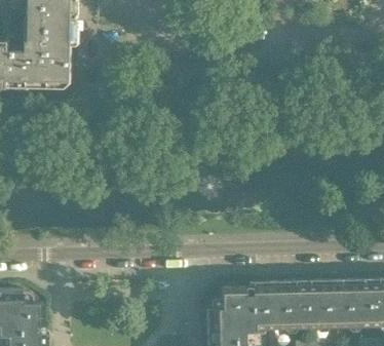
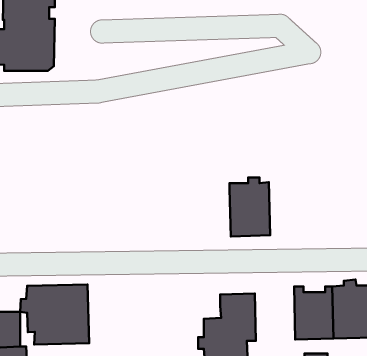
building: [249,276,285,329] -> [230,177,270,236]
building: none -> [20,284,89,345]

